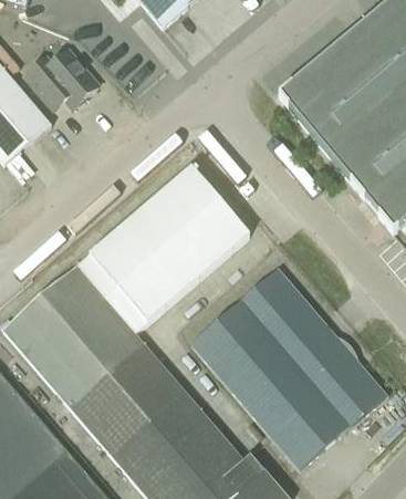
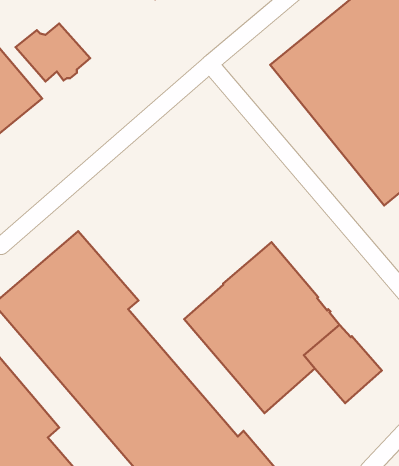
building: [86,166,249,324] -> none
building: [271,392,351,469] -> none

